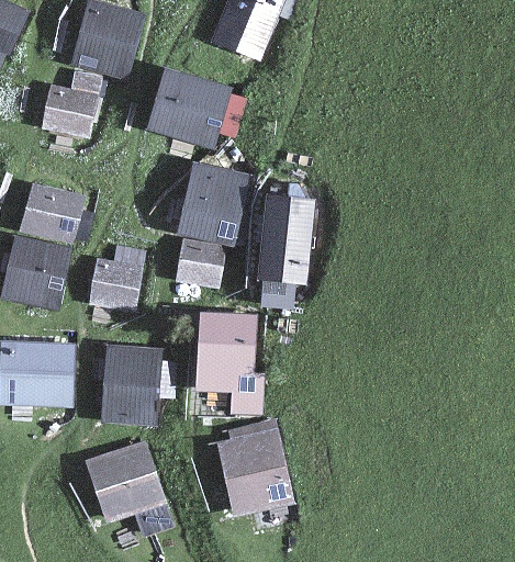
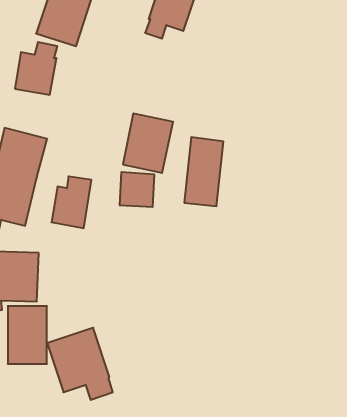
building: [160,67,247,142] -> none
building: [209,311,259,387] -> none
building: [111,346,161,420] -> [8,306,47,364]
building: [222,417,301,515] -> none

